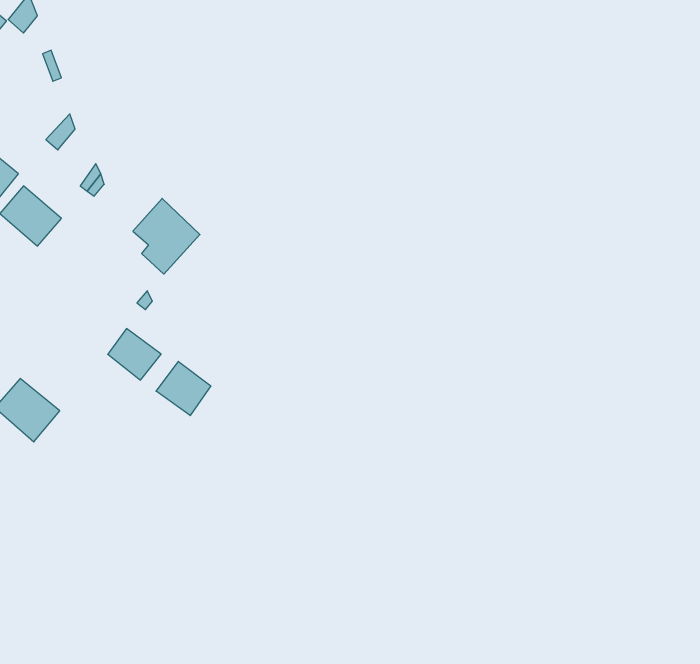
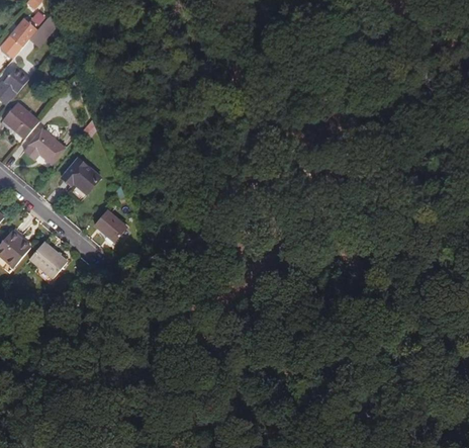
building: [133,198,200,274] -> [60,156,99,200]
building: [156,361,211,416] -> none

